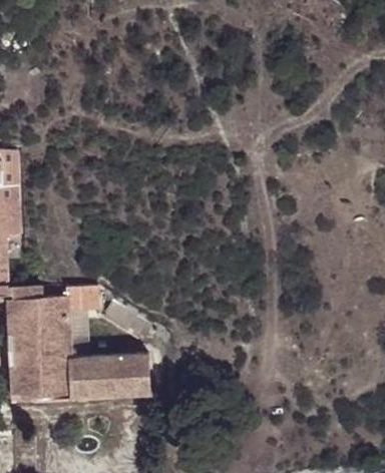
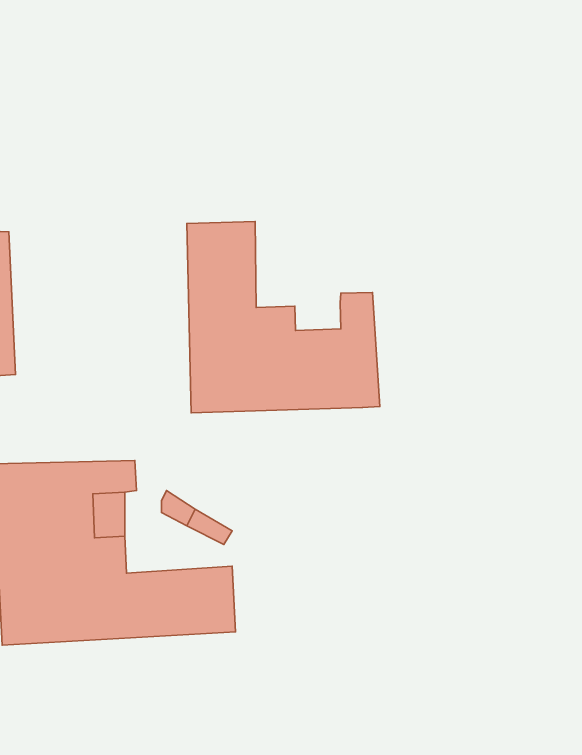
building: none -> [187,222,380,413]

